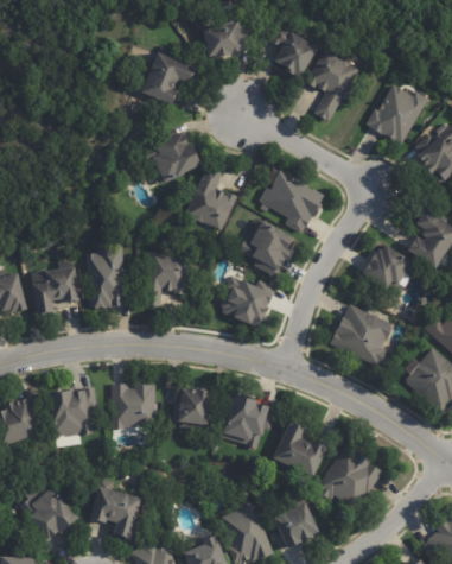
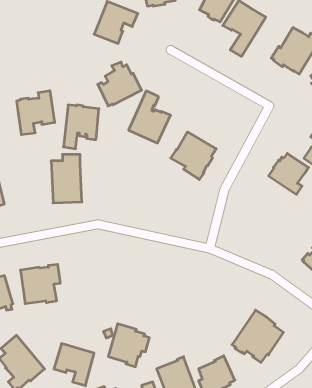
building: [259,167,323,233] -> none
building: [144,252,189,308] -> [63,105,99,149]
building: [30,260,78,316] -> [17,91,55,135]
building: [217,275,273,325] -> none
building: [330,304,393,366] -> none
building: [110,384,154,430] -> none
building: [172,388,211,426] -> none
building: [222,395,274,450] -> [108,324,149,367]
building: [272,420,326,479] -> none

